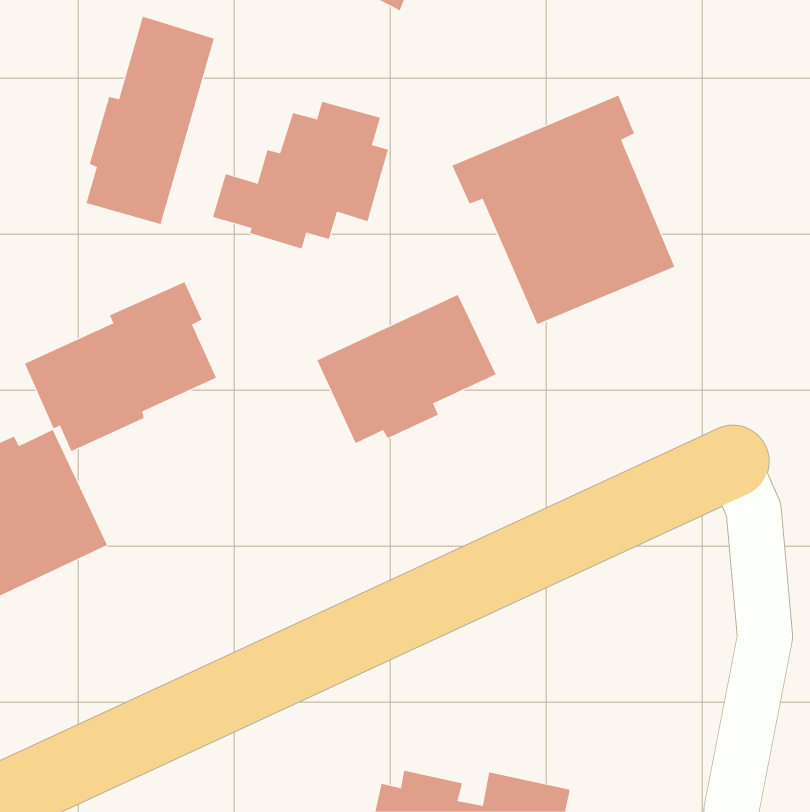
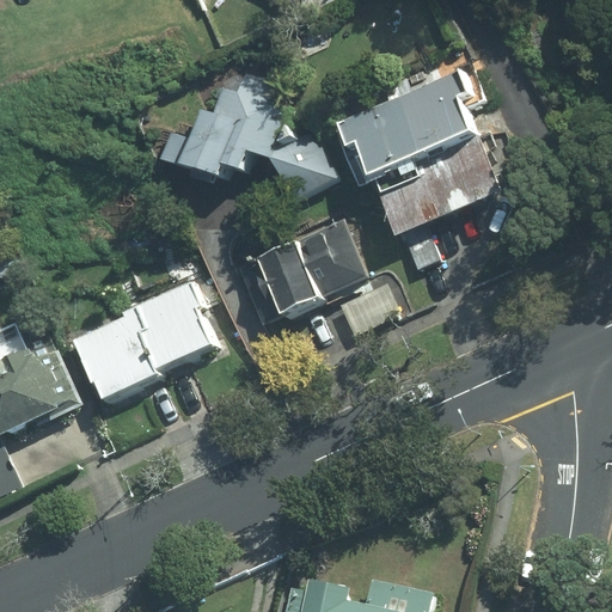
building: [86,16,215,225] -> none
building: none -> [274,118,335,204]
building: [24,281,217,452] -> [71,279,214,405]

